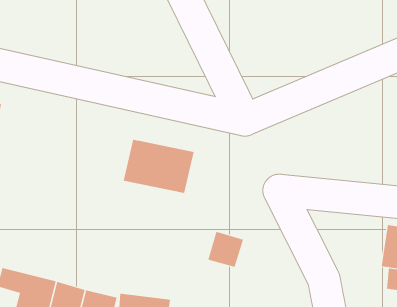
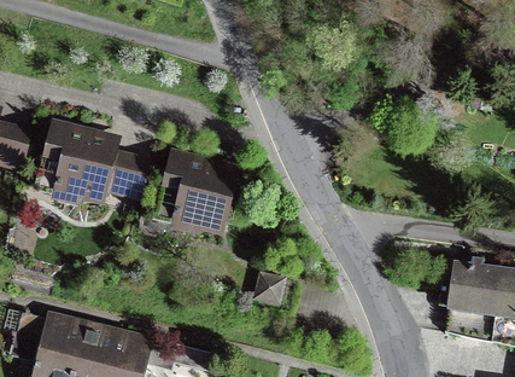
building: none -> [47,134,141,201]

